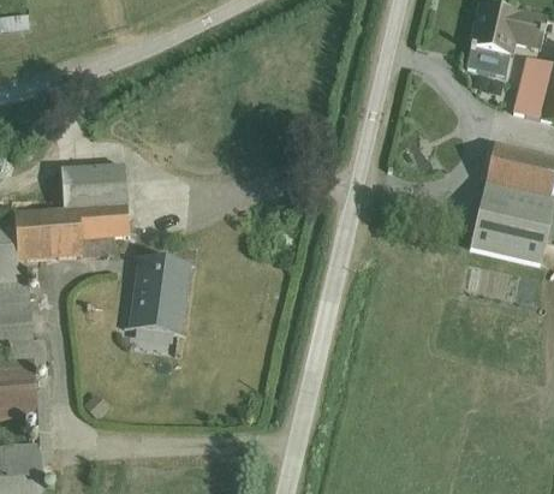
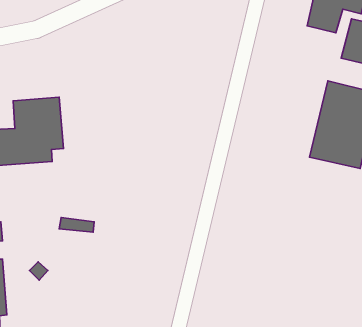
building: [123,255,195,334] -> none

